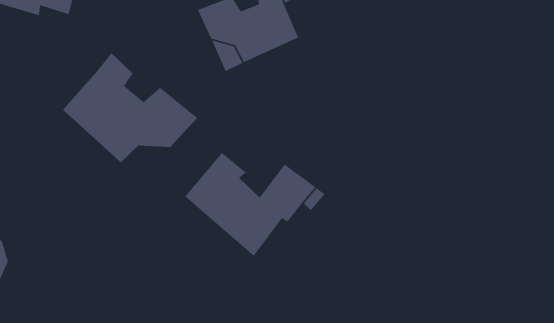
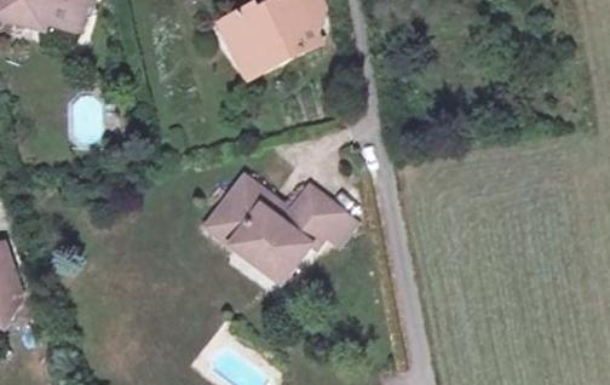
building: [62,52,198,163] -> none

